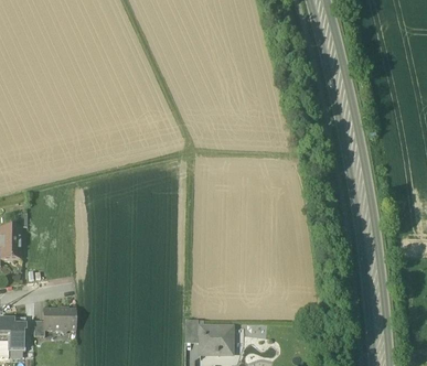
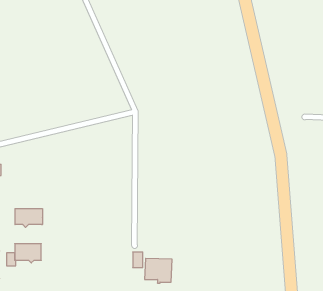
building: none -> [15,209,42,227]

